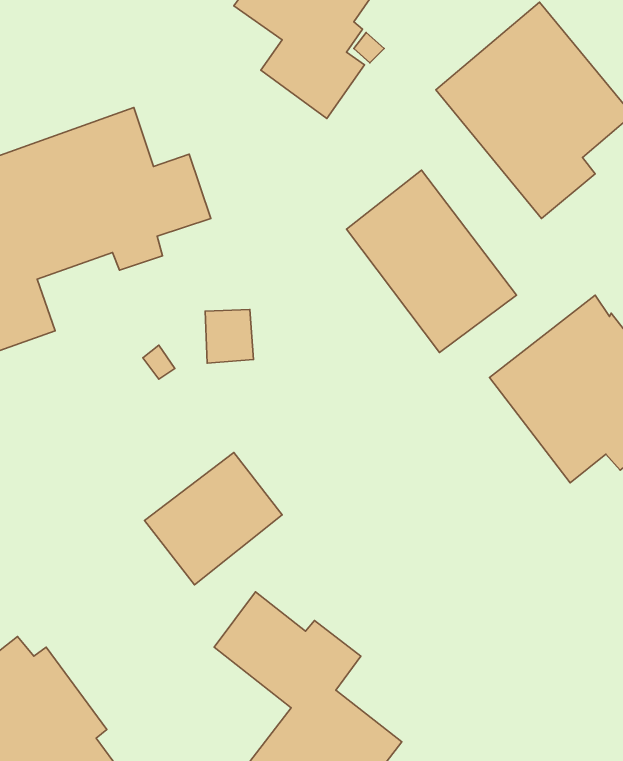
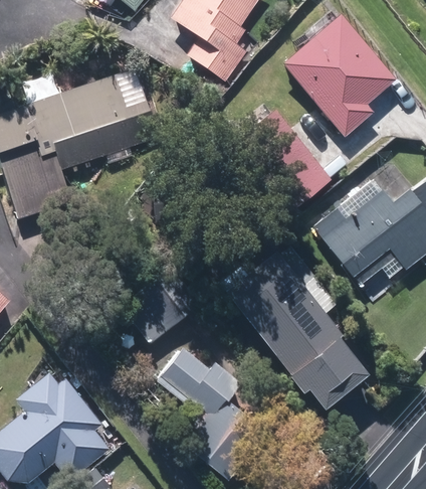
building: none -> [229,252,372,408]

